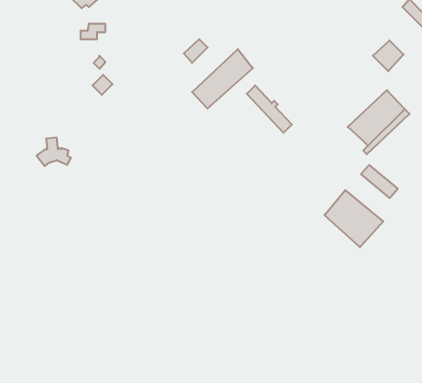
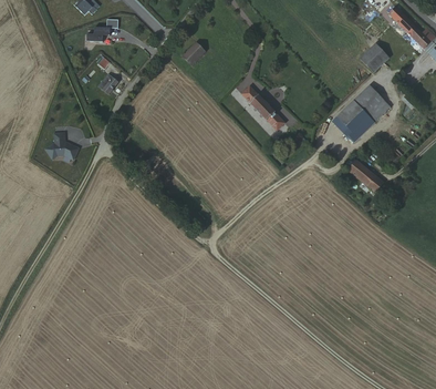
building: [192,49,253,109] -> none
building: [324,190,383,247] -> none

